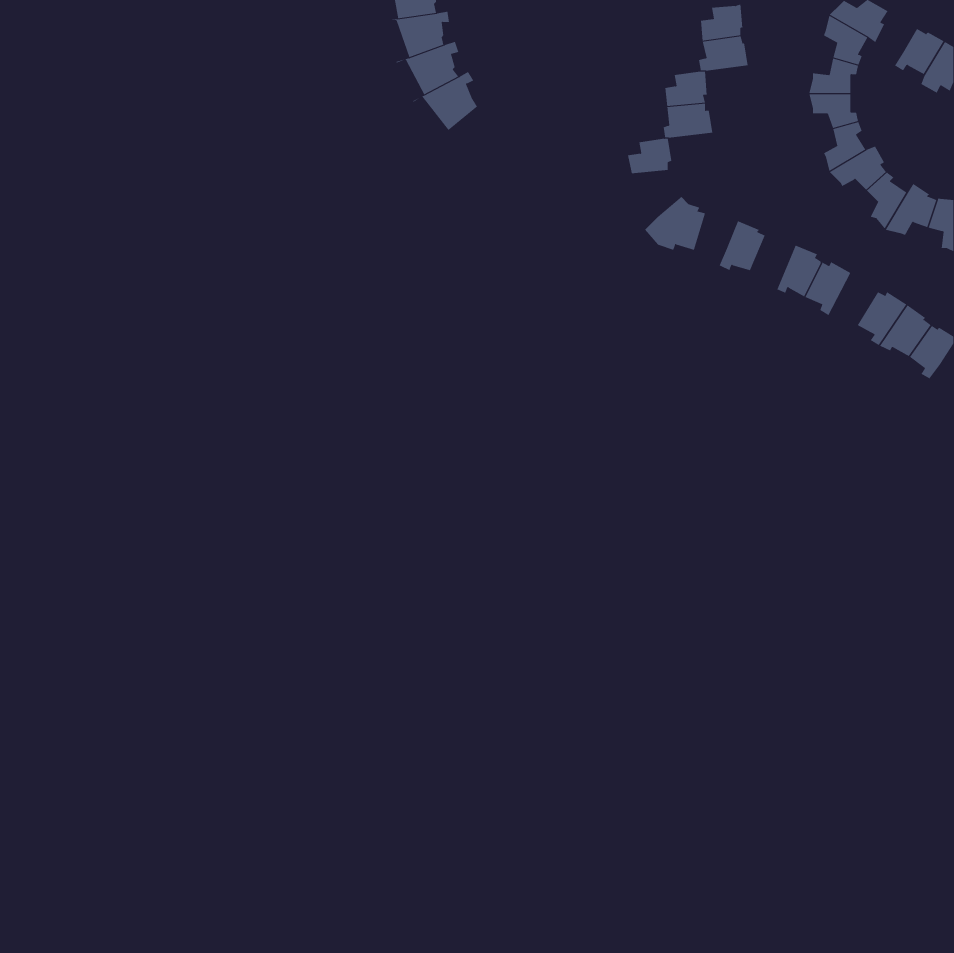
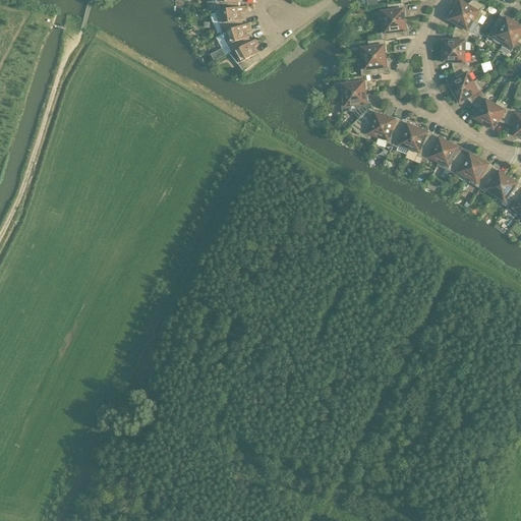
building: none -> [341,93,371,118]
building: none -> [379,116,402,144]
building: none -> [409,128,433,158]
building: none -> [452,149,478,177]

